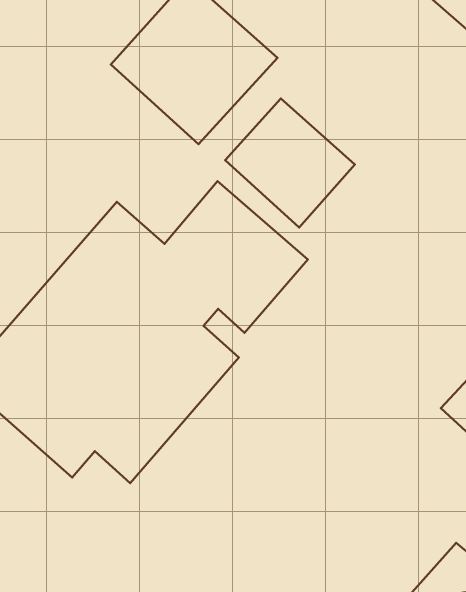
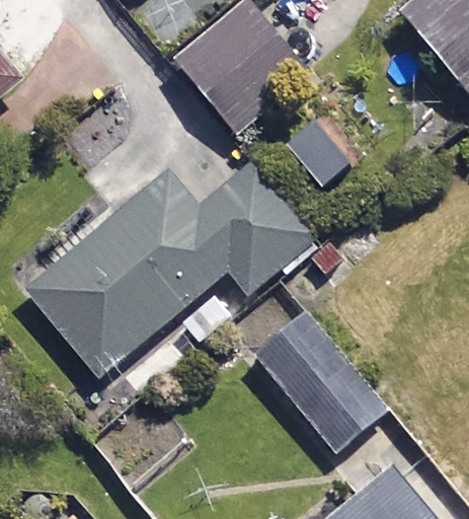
building: none -> [260,312,389,447]

